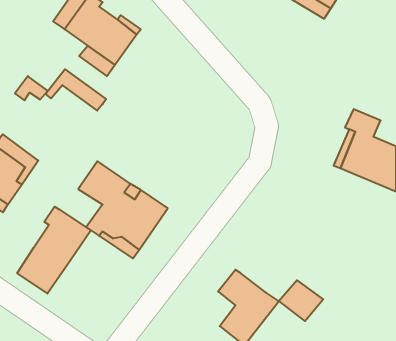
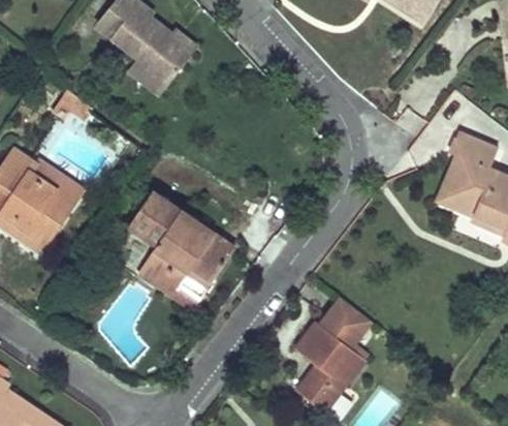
building: [45,69,106,111] -> none
building: [17,207,91,294] -> none
building: [279,280,323,321] -> [320,300,373,348]

